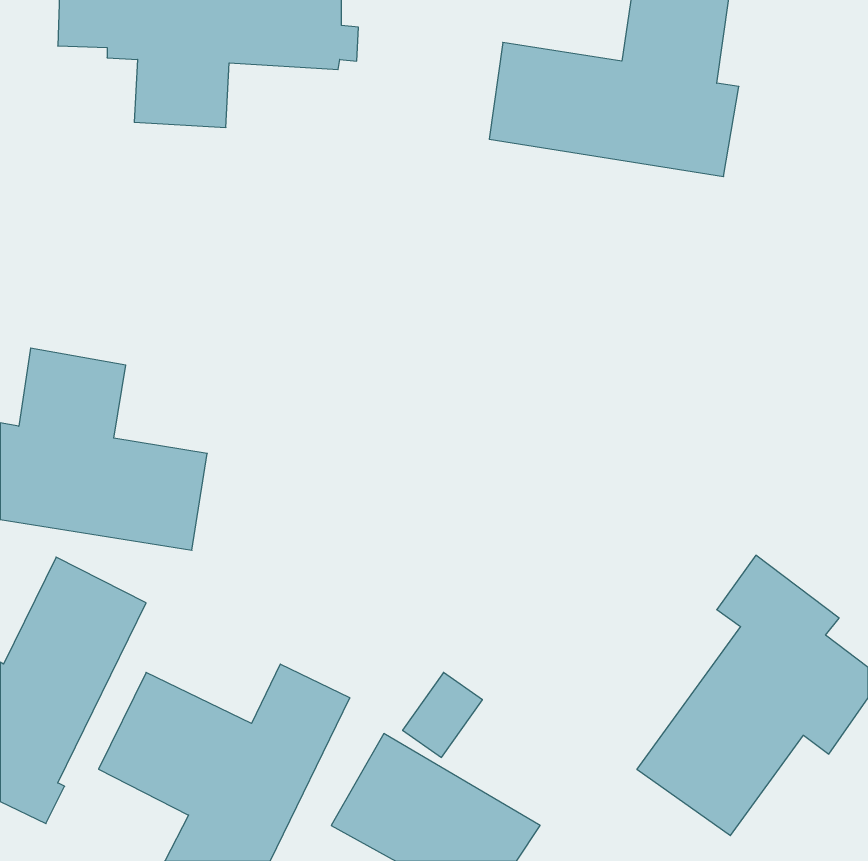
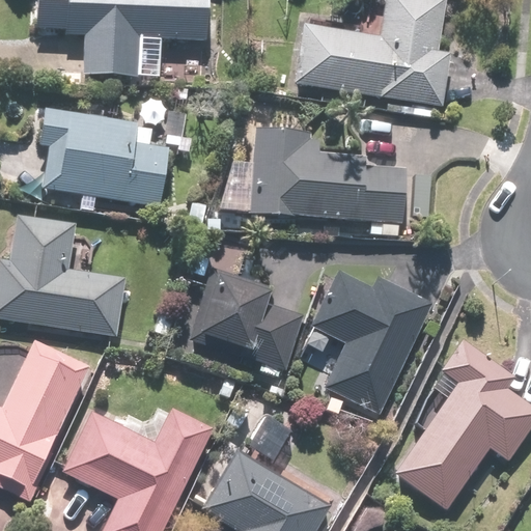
building: none -> [41,110,169,205]
building: none -> [242,122,407,236]
building: none -> [185,263,301,375]
building: none -> [309,270,431,413]

